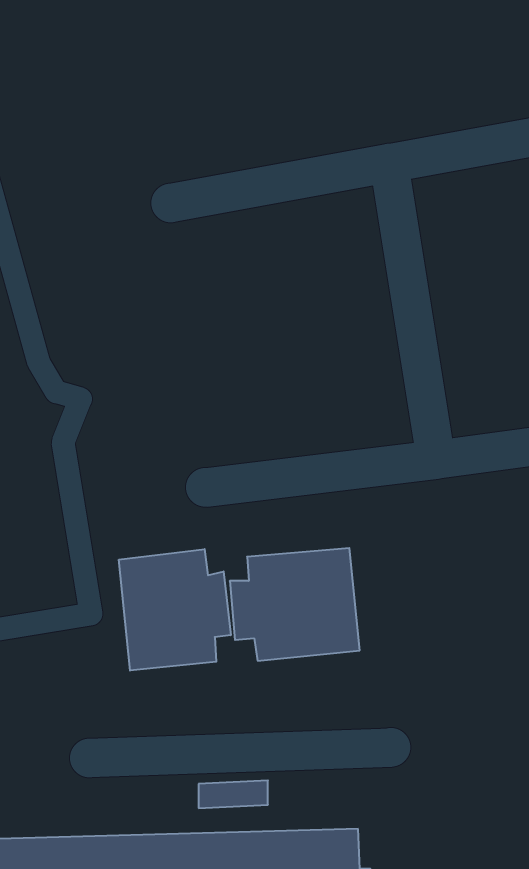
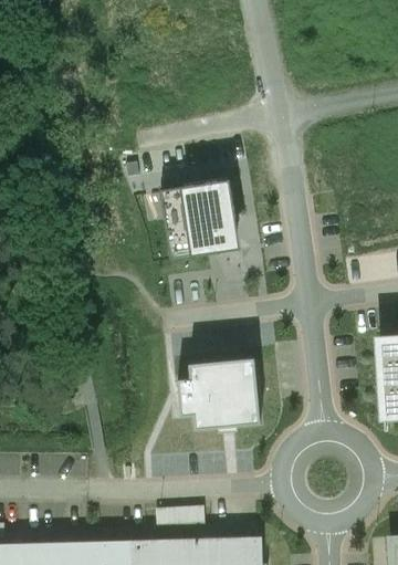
building: none -> [159,180,240,260]
building: [119,549,231,671] -> none

